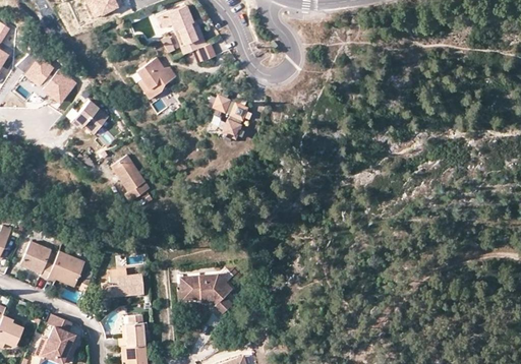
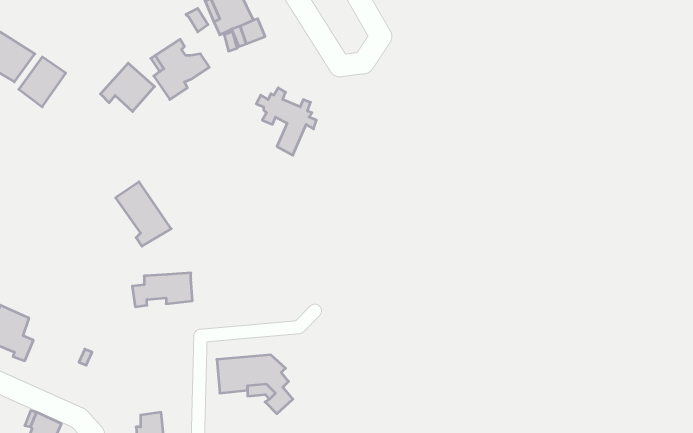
building: [72,102,110,135] -> [100,63,155,112]
building: [48,251,85,287] -> none
building: [102,275,143,298] -> [132,273,192,307]

